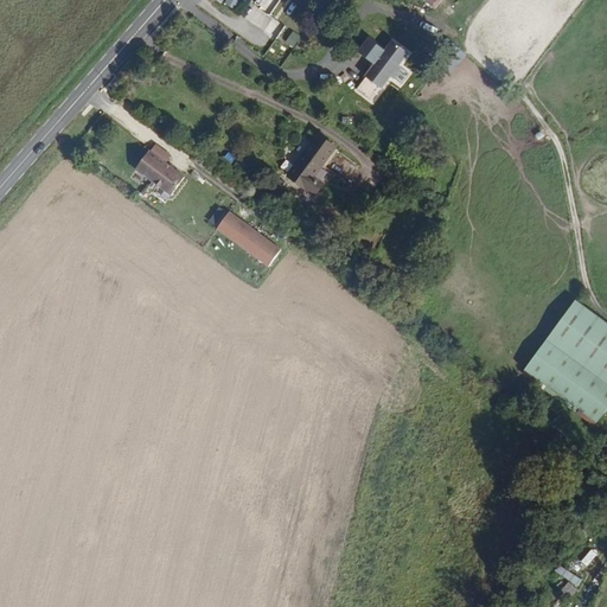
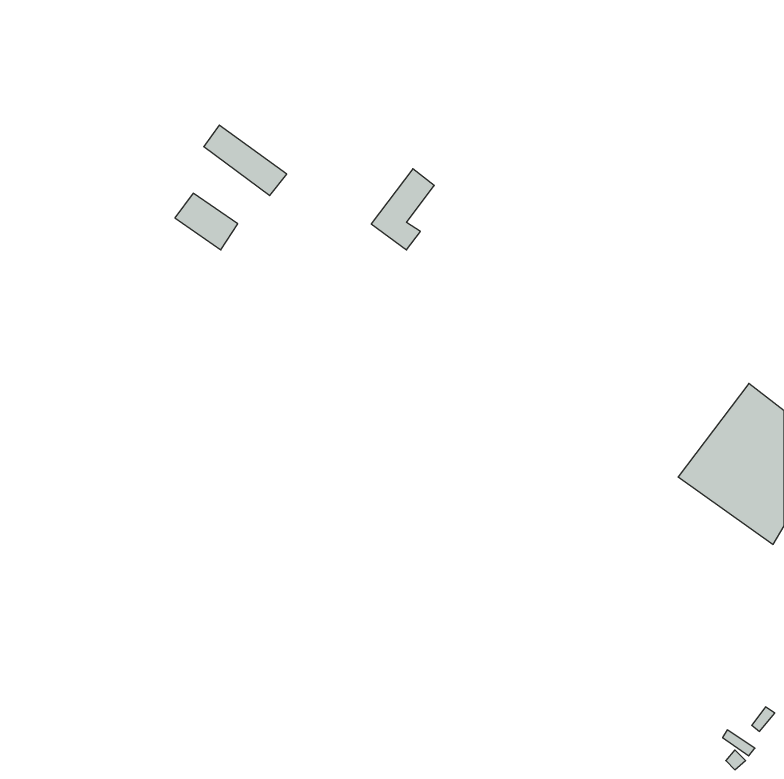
building: [357,39,409,100] -> none
building: [216,210,280,264] -> [204,125,287,196]

